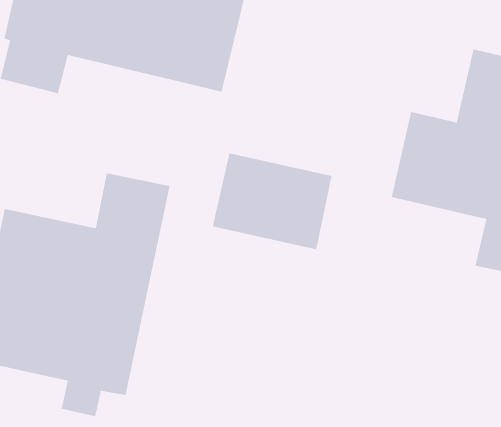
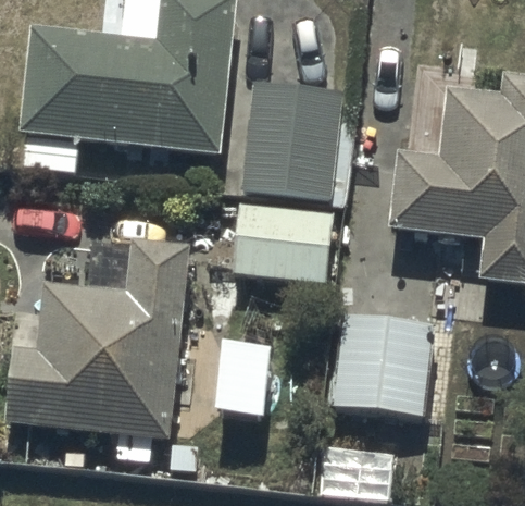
building: none -> [239,82,346,200]
building: none -> [329,311,434,415]

